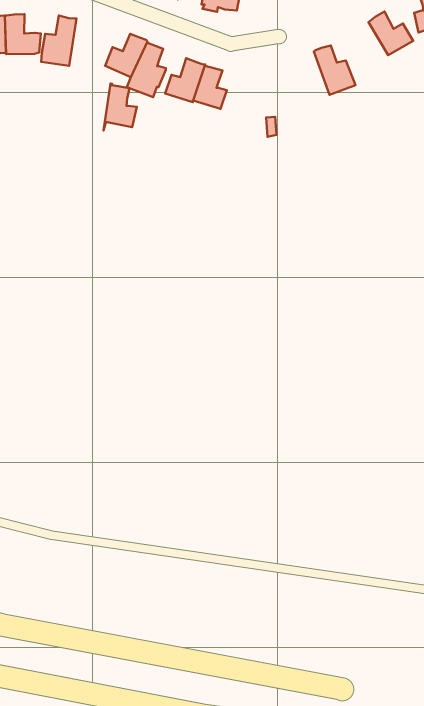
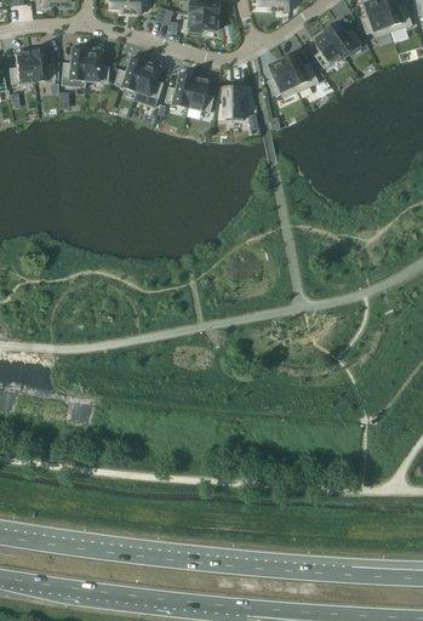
building: none -> [313,29,343,68]
building: none -> [267,57,298,97]
building: none -> [223,86,245,119]
building: [103,84,137,131] -> [85,47,110,86]

